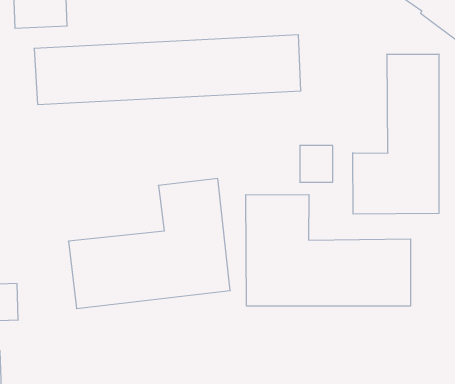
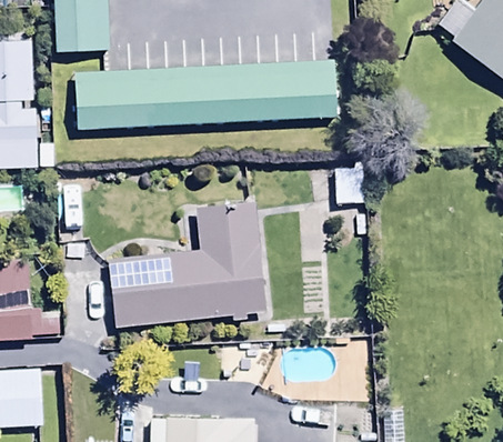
building: [353,54,439,214] -> none
building: [246,195,410,306] -> none

